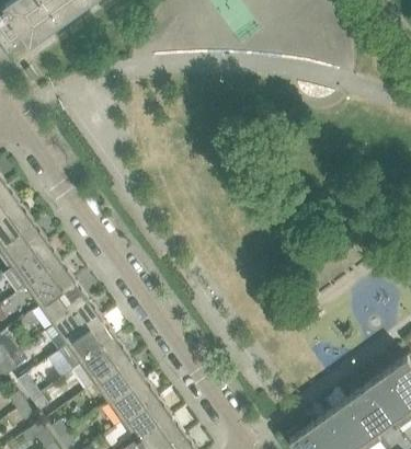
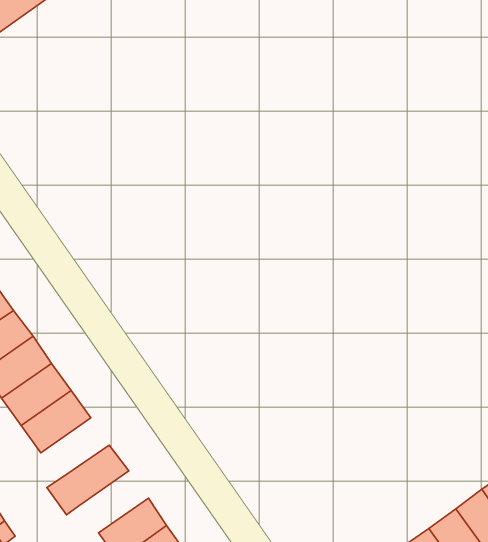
building: [57,320,115,370] -> none
building: [93,358,144,403] -> none

